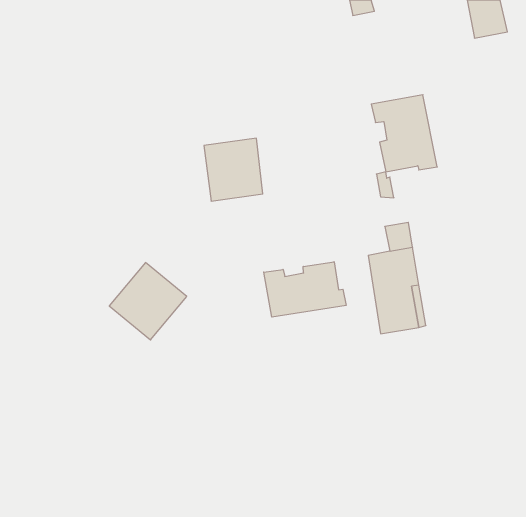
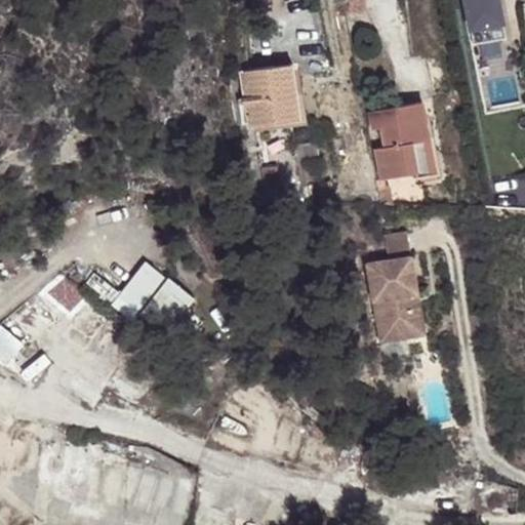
building: [204,138,263,201] -> [242,63,300,125]
building: [264,262,346,317] -> none

